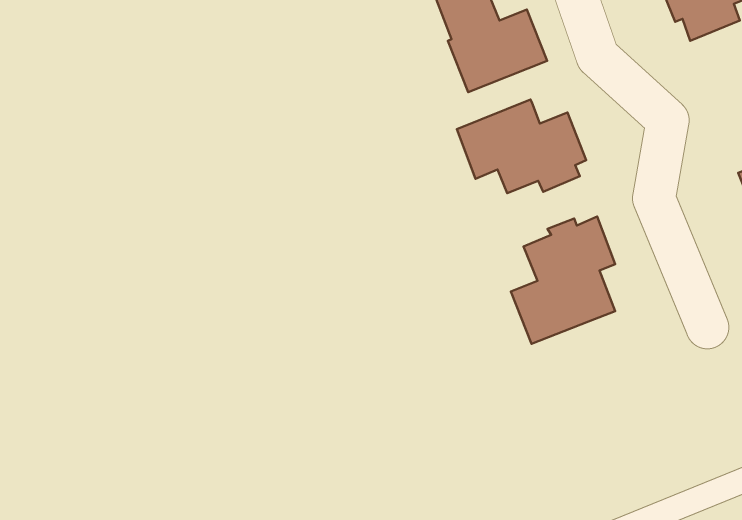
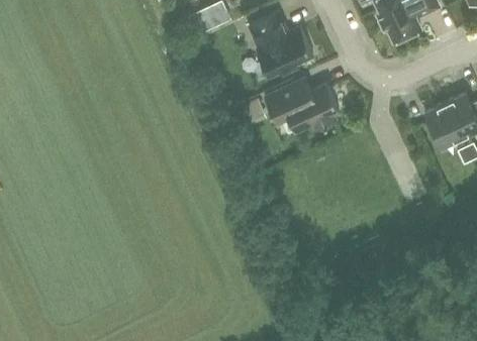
building: [511,216,615,344] -> none

